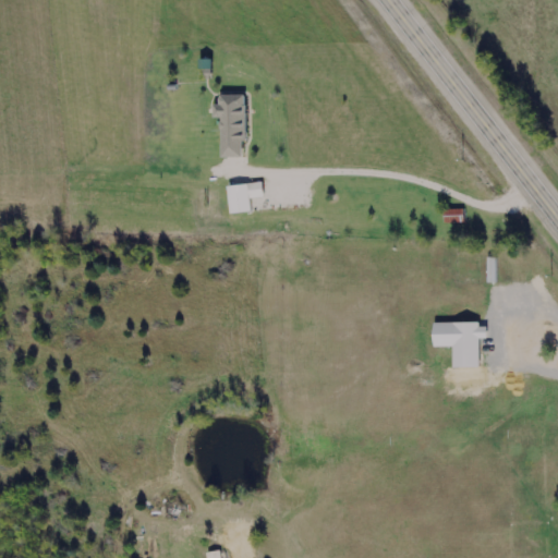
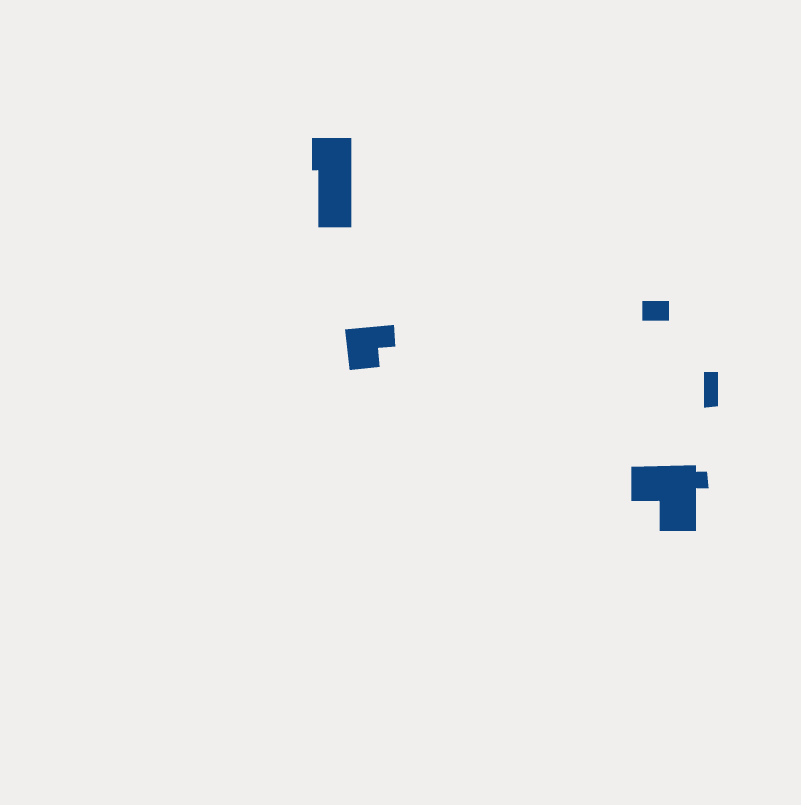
building: [225,182,260,214] -> [344,325,396,370]

